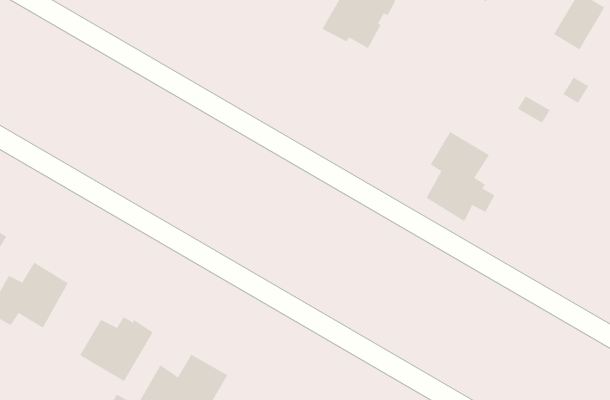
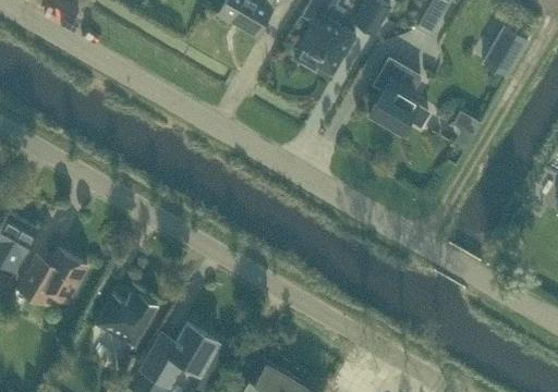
building: [426,131,495,222] -> [369,62,426,136]

